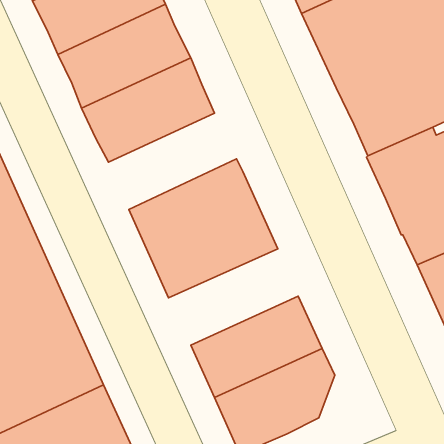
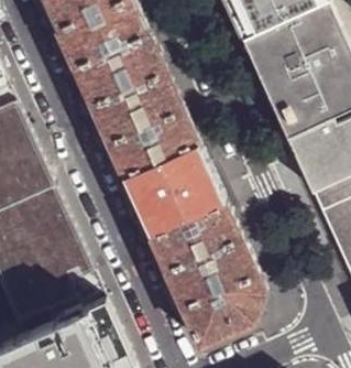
building: none -> [109,108,198,175]
building: none -> [151,203,241,270]

